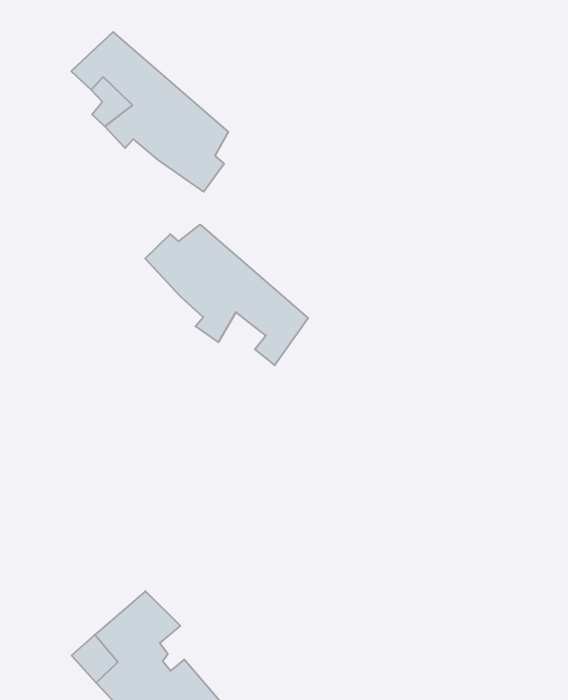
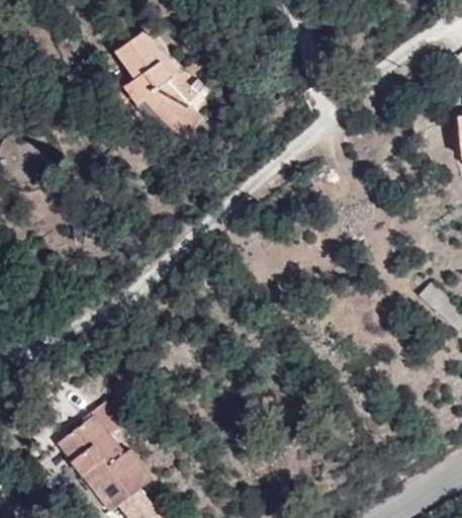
building: [145,225,308,365] -> none

